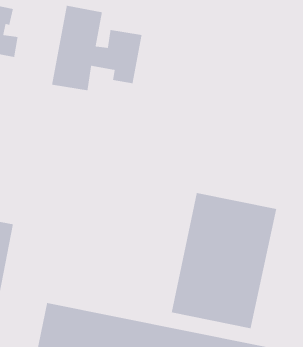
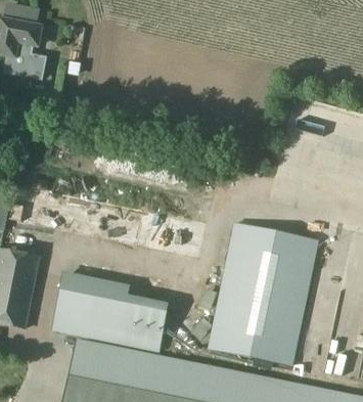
building: [51,5,142,91] -> none
building: none -> [51,272,170,352]

